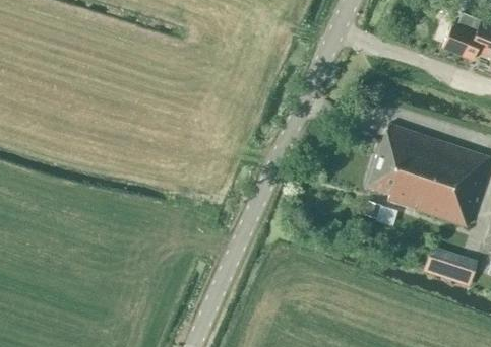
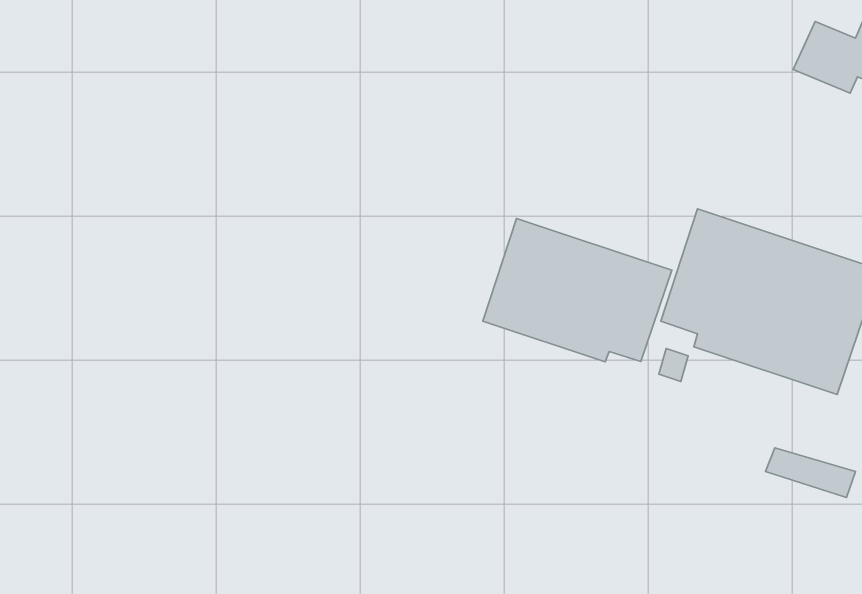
building: none -> [483,219,672,362]

